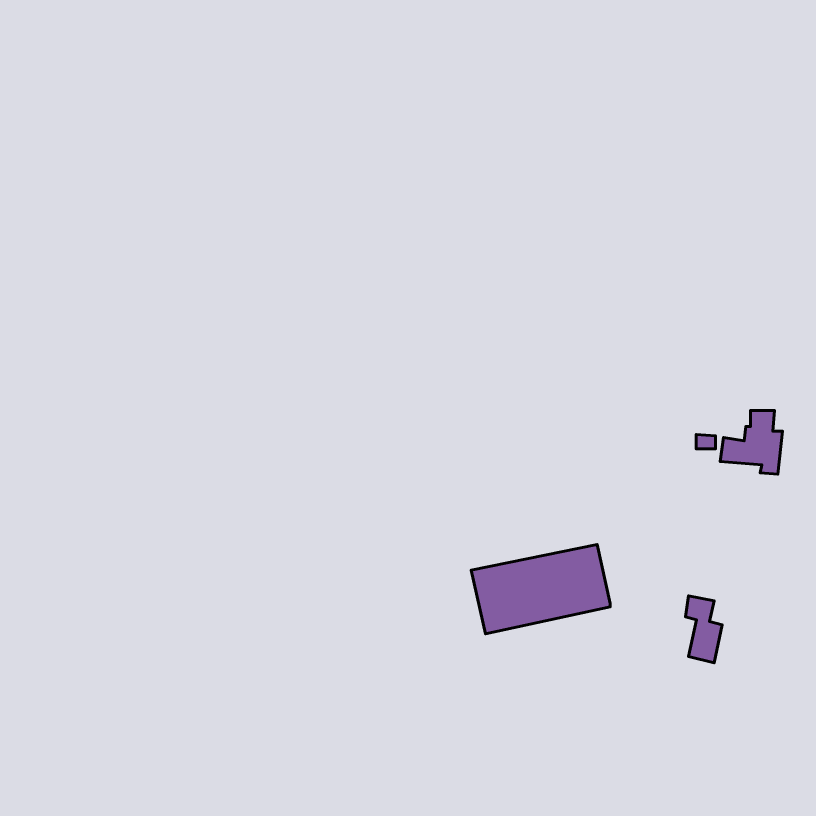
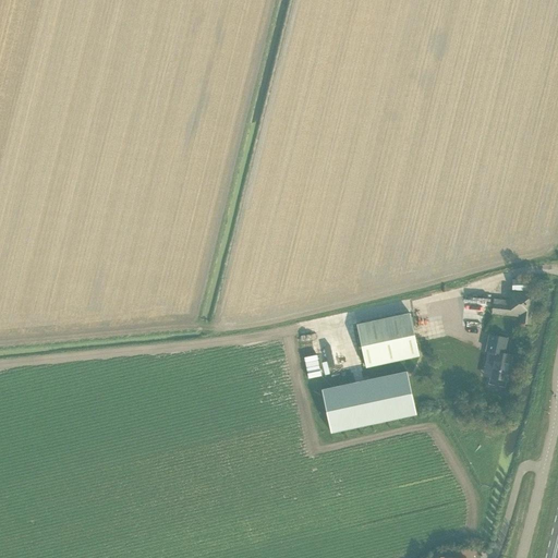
building: none -> [354,312,417,365]
building: [685,596,722,663] -> [486,336,511,381]

